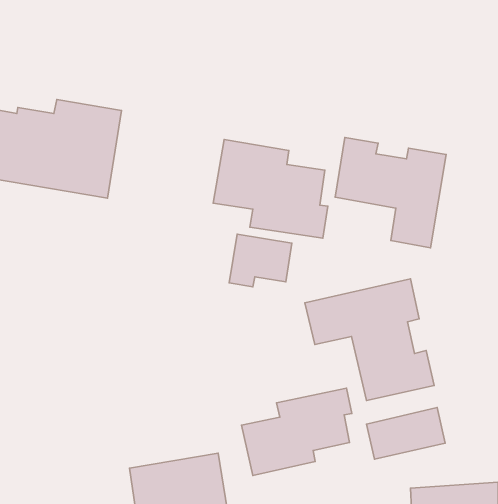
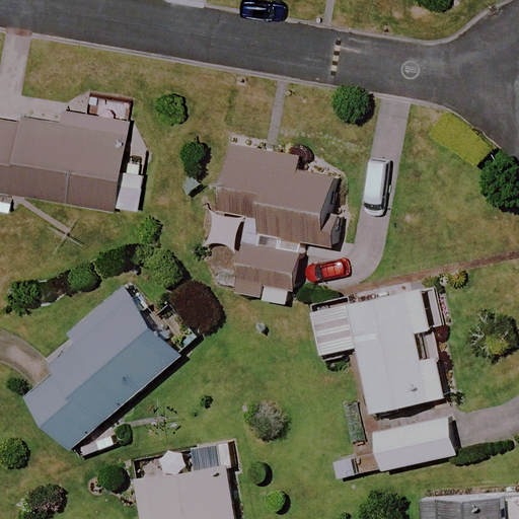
building: [335,138,446,248] -> none
building: none -> [24,290,178,450]
building: [241,388,352,476] -> none

